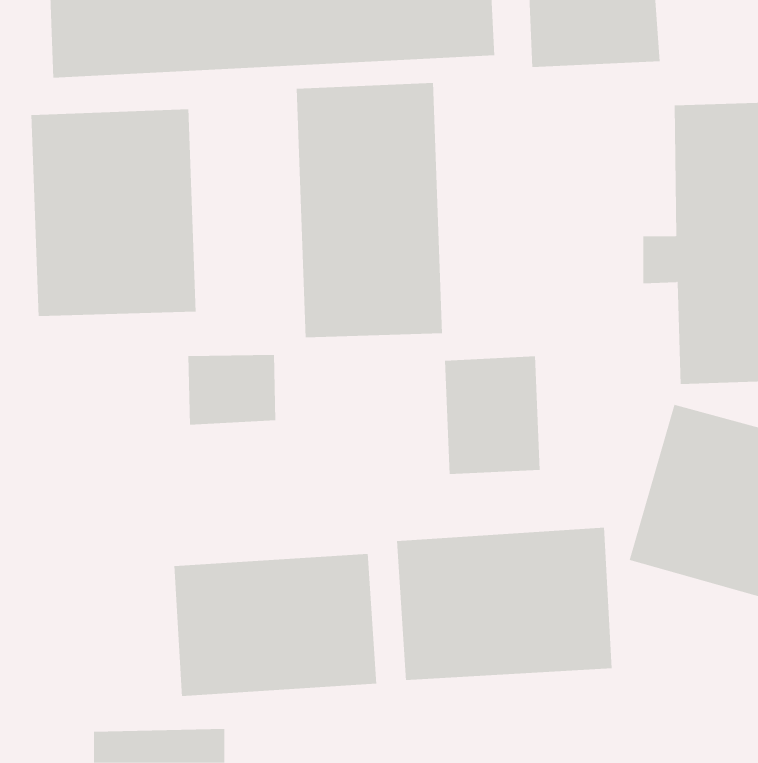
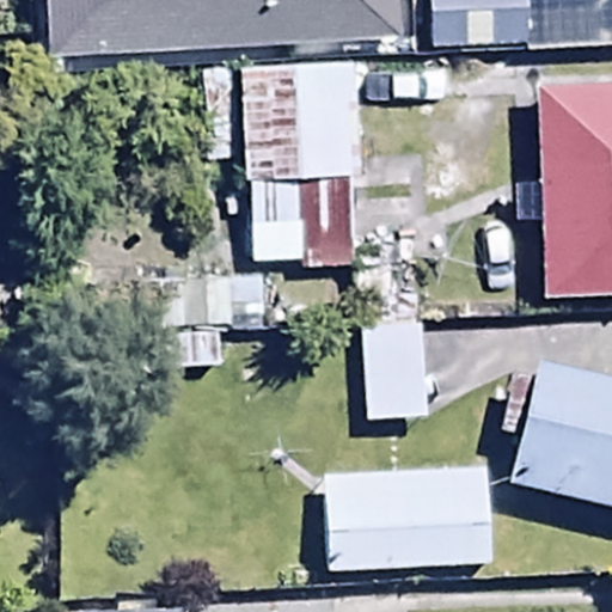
building: [31,108,196,317] -> none
building: [174,553,377,697] -> none

